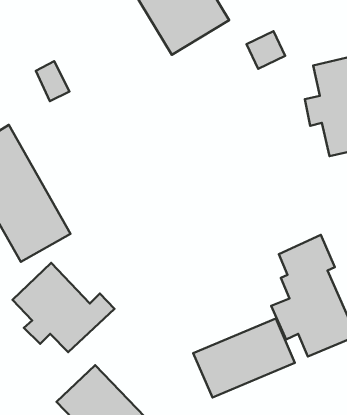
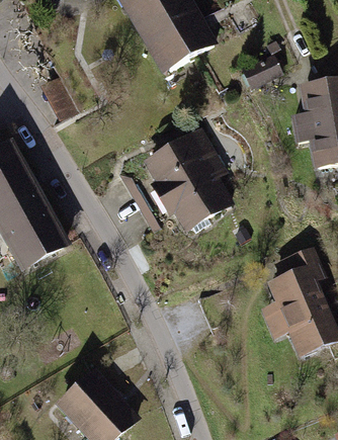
building: none -> [142,131,233,236]
building: [12,263,115,352] -> none
building: [193,318,295,398] -> none

